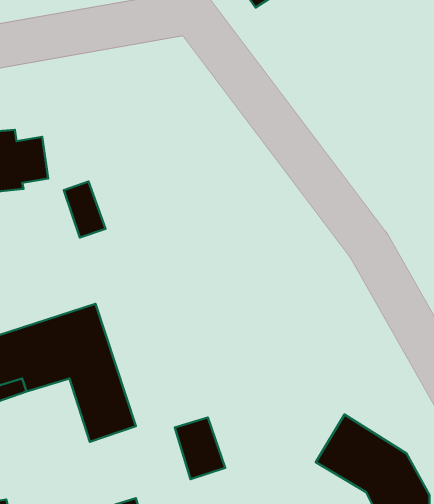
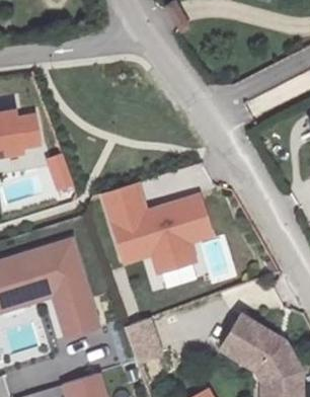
building: none -> [100,183,210,273]

